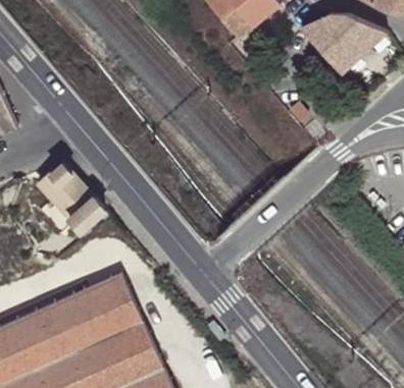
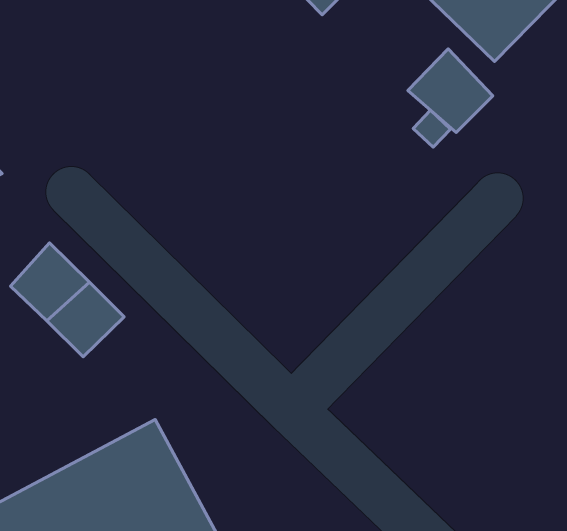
building: none -> [408,49,493,132]

